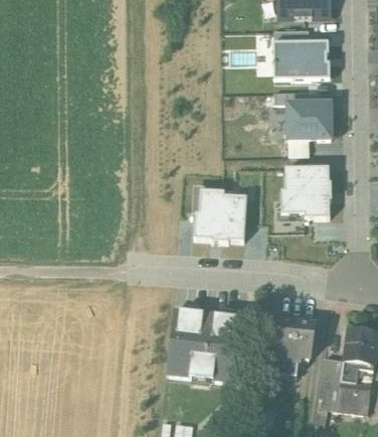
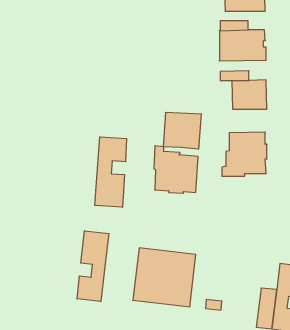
building: none -> [163,112,201,149]
building: none -> [95,137,126,207]
building: none -> [77,231,109,302]
building: [271,320,313,375] -> none

